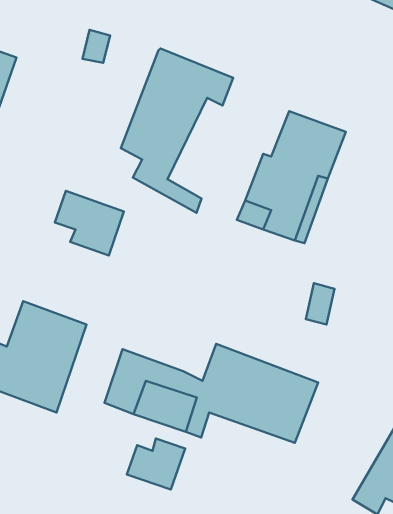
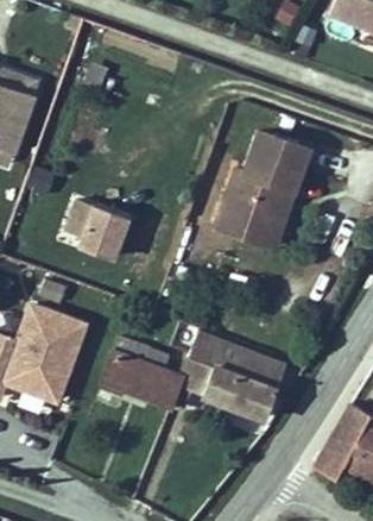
building: [121,48,233,213] -> none
building: [127,439,185,489] -> none

